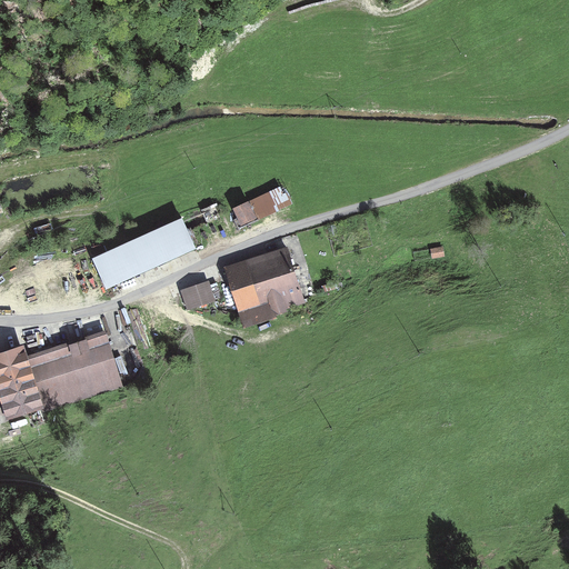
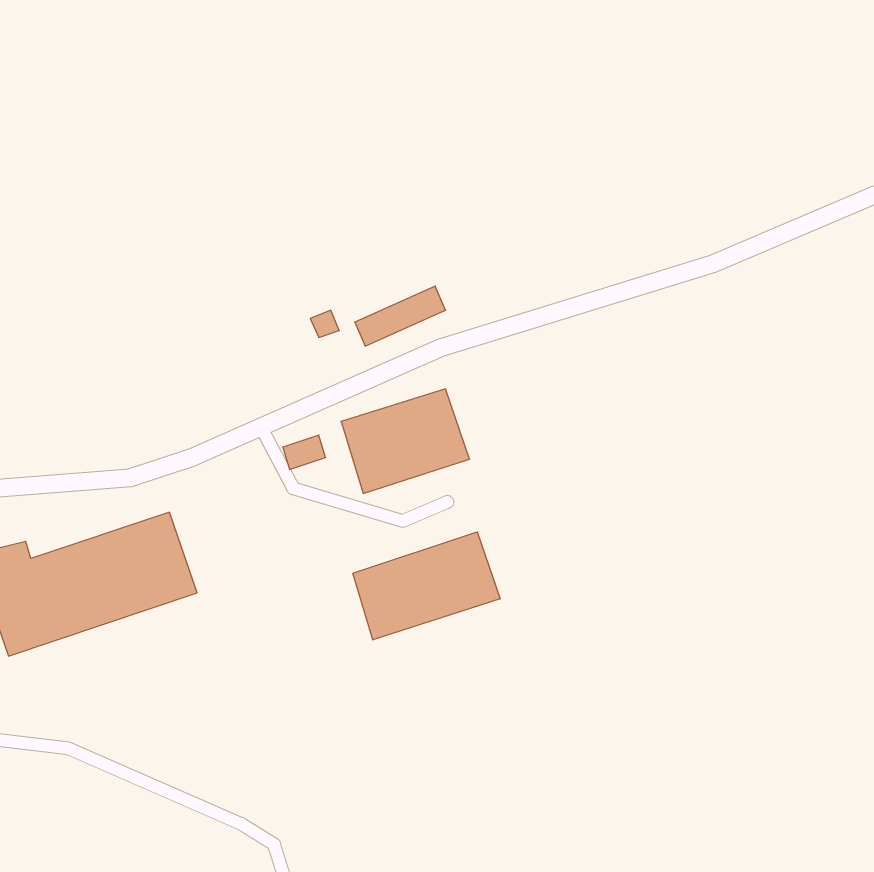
building: [91,213,193,288] -> none
building: none -> [353,532,500,640]

